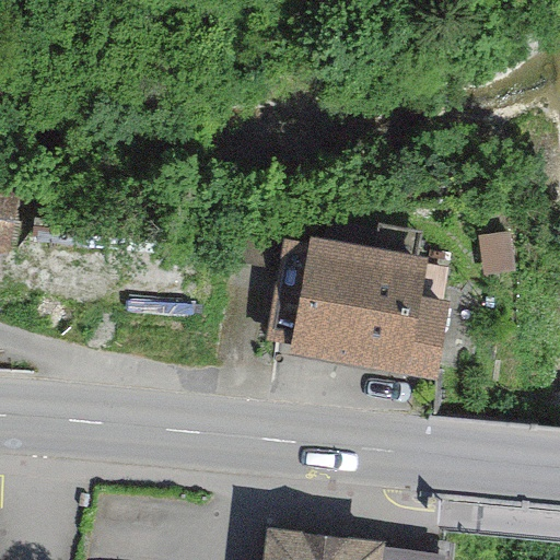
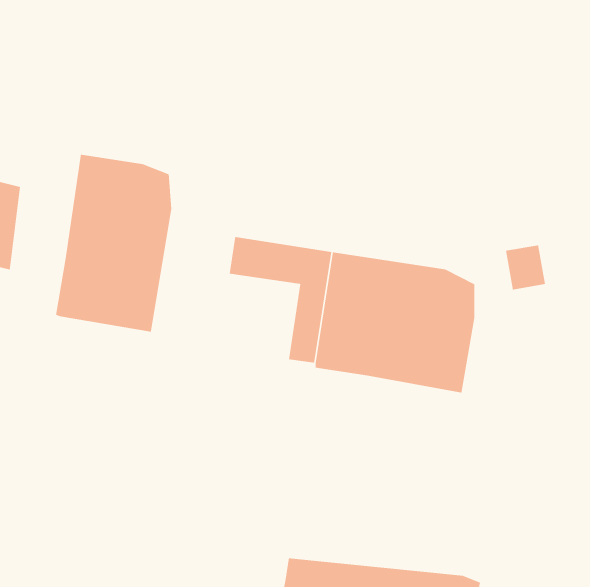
building: none -> [56,154,172,333]

